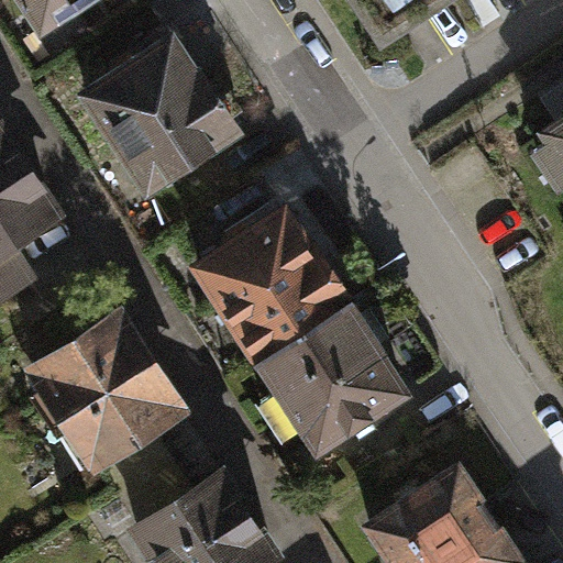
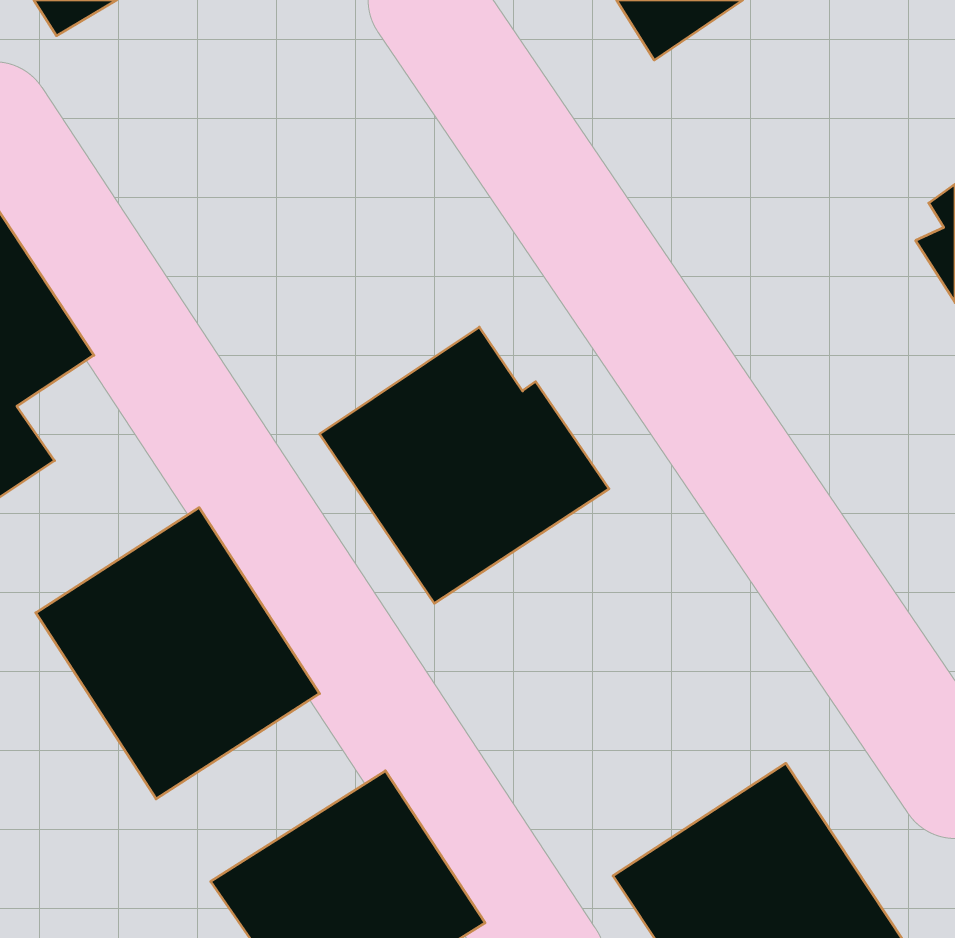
building: [74,32,247,200] -> none
building: [254,299,409,460] -> none

